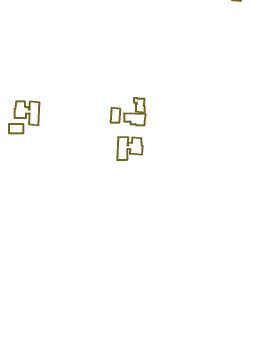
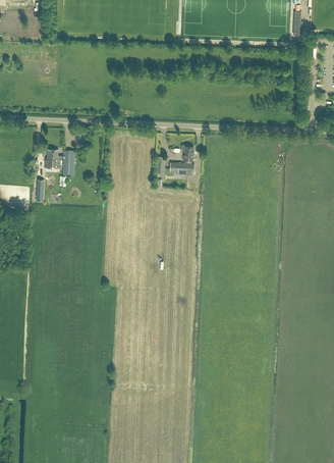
building: [117,137,142,160] -> none

